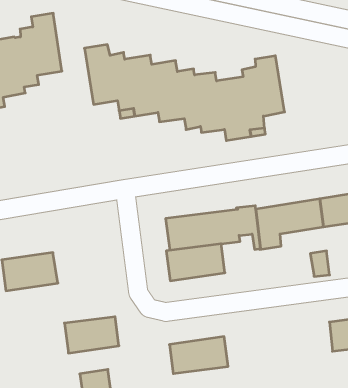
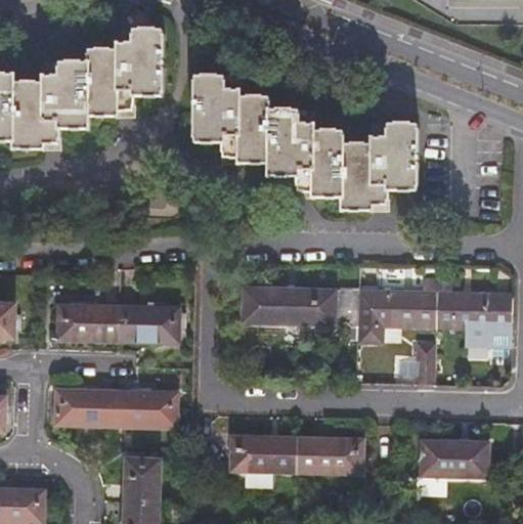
building: [166,244,225,281] -> [299,437,365,474]
building: none -> [116,306,176,343]
building: none -> [52,389,116,427]

